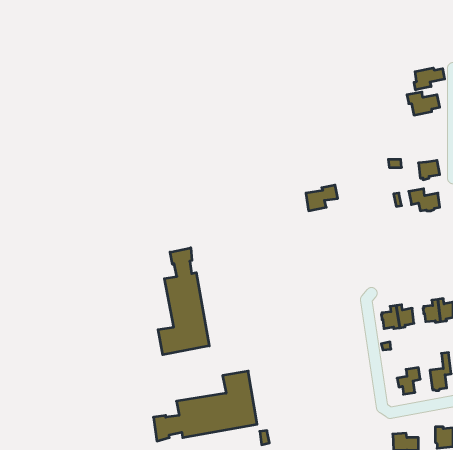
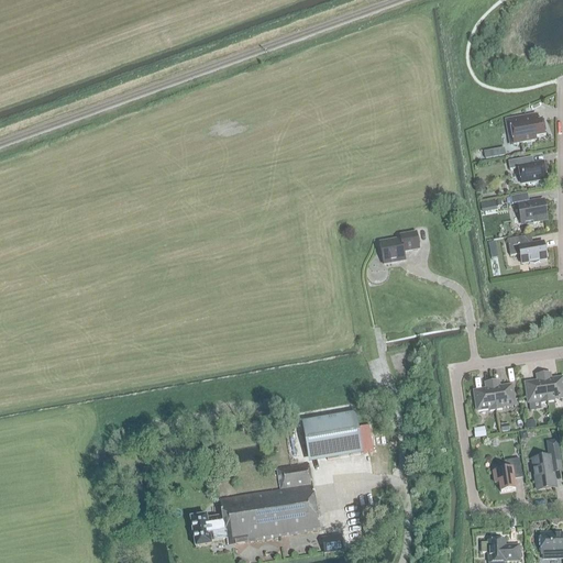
building: [414,68,445,90] -> none
building: none -> [508,156,545,181]
building: [158,248,209,355] -> none
building: none -> [301,410,363,457]

